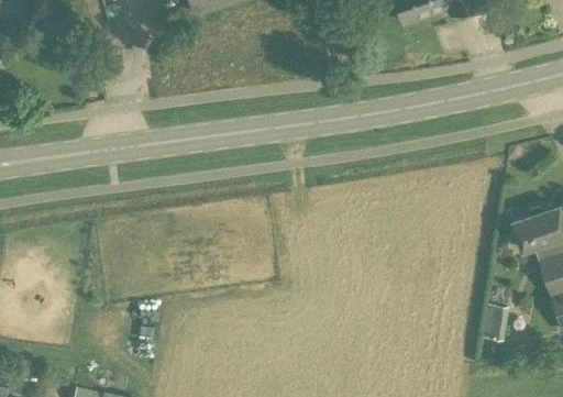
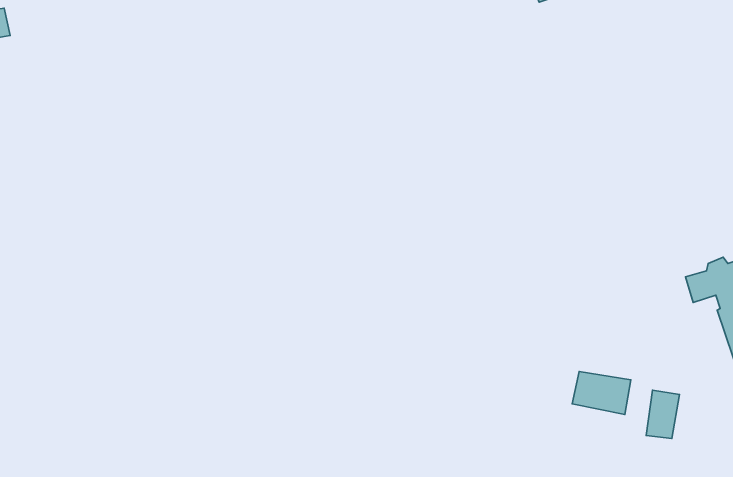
building: none -> [572,371,631,414]

